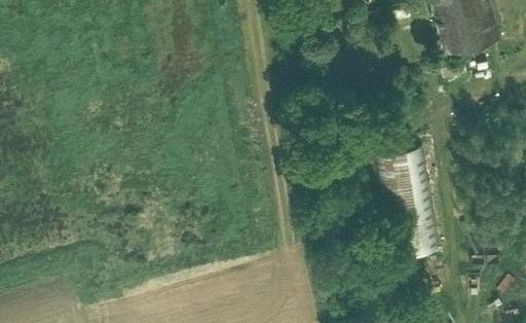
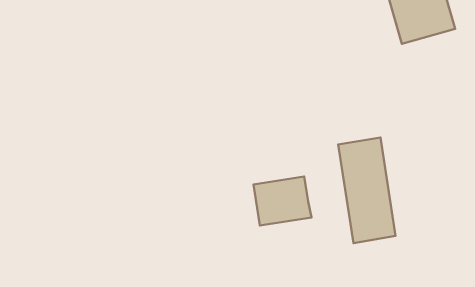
building: none -> [253,177,311,226]

